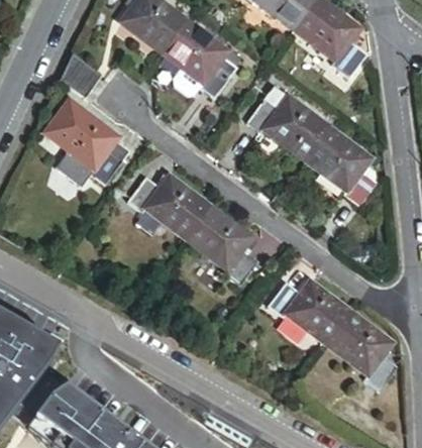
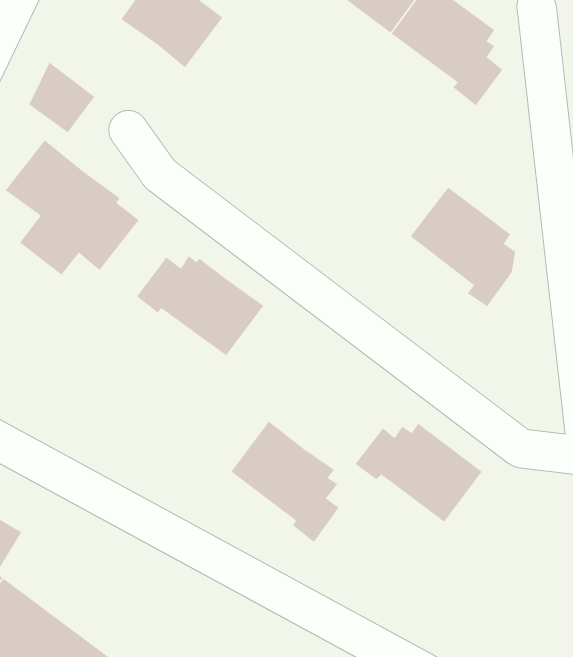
building: [162,20,233,98] -> none
building: [247,88,329,159] -> none
building: [188,204,257,282] -> [230,421,340,543]
building: [327,310,398,389] -> none

